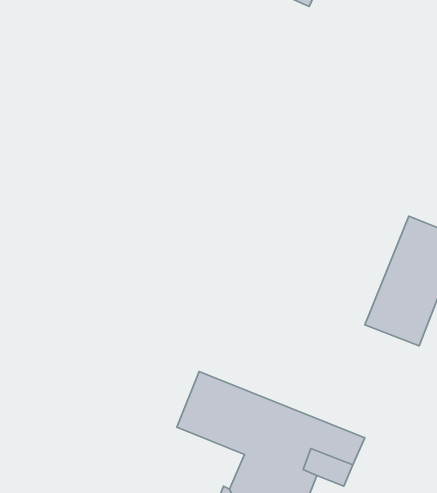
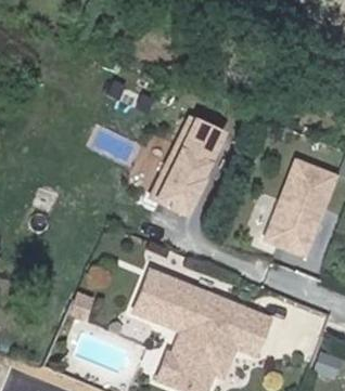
building: none -> [153,118,223,216]

